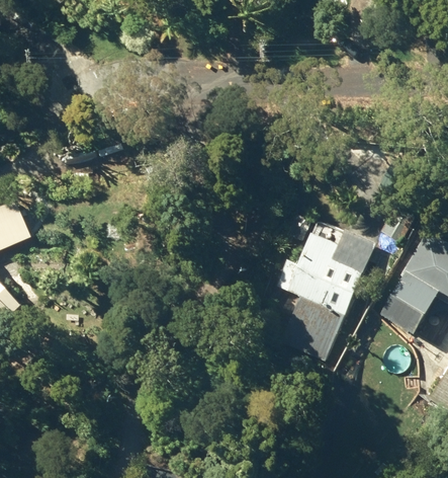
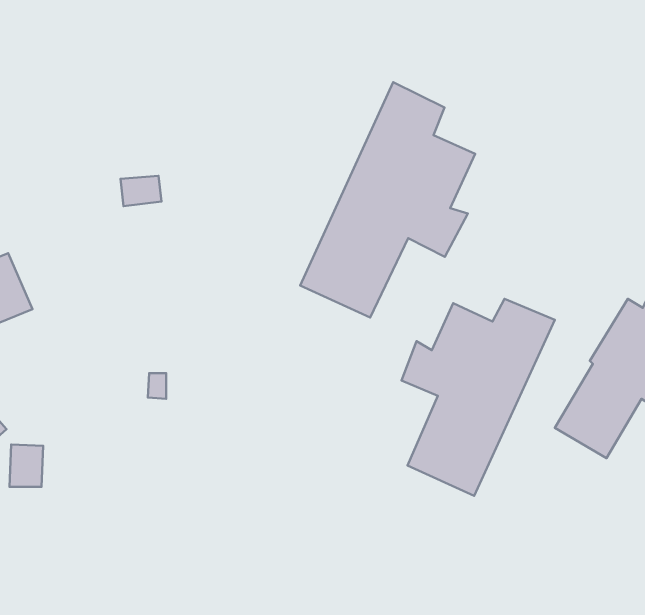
building: none -> [300,82,475,318]

